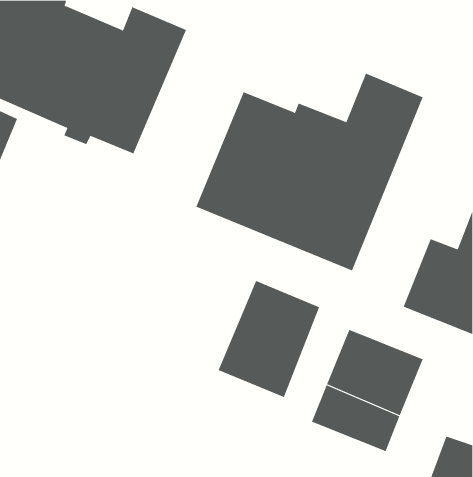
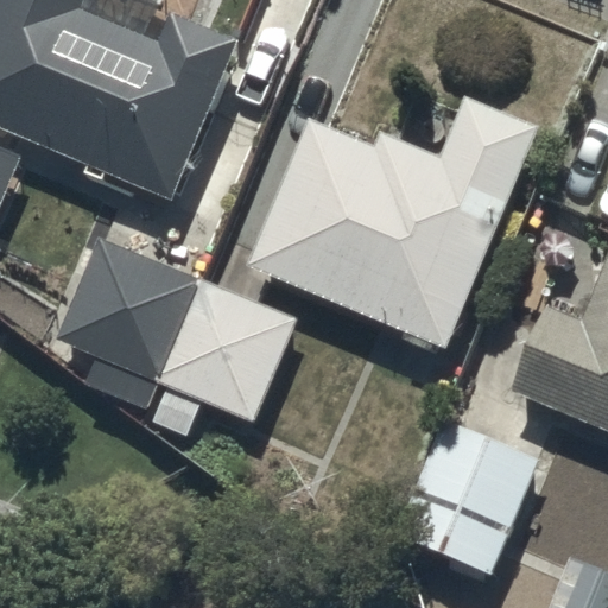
building: none -> [56,240,293,437]
building: [218,280,320,398] -> none

